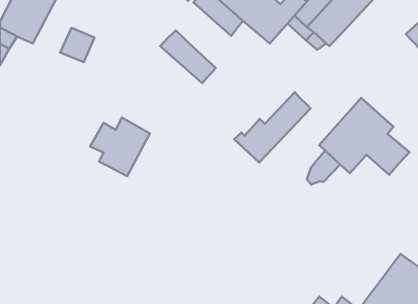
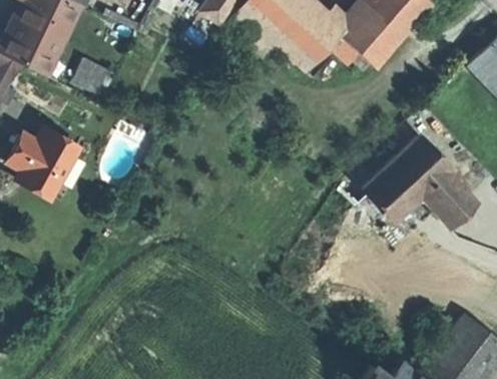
building: [160,31,216,83] -> none
building: [234,92,310,163] -> none
building: [90,118,150,176] -> [9,127,77,195]

